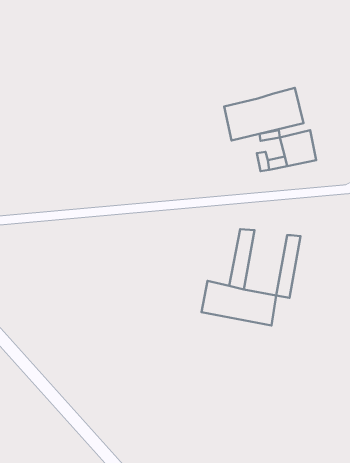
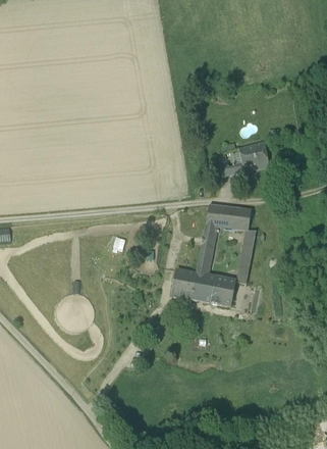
building: [224,88,304,140] -> none
building: none -> [205,204,251,230]

